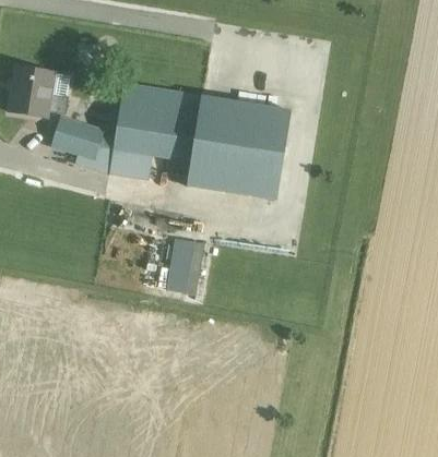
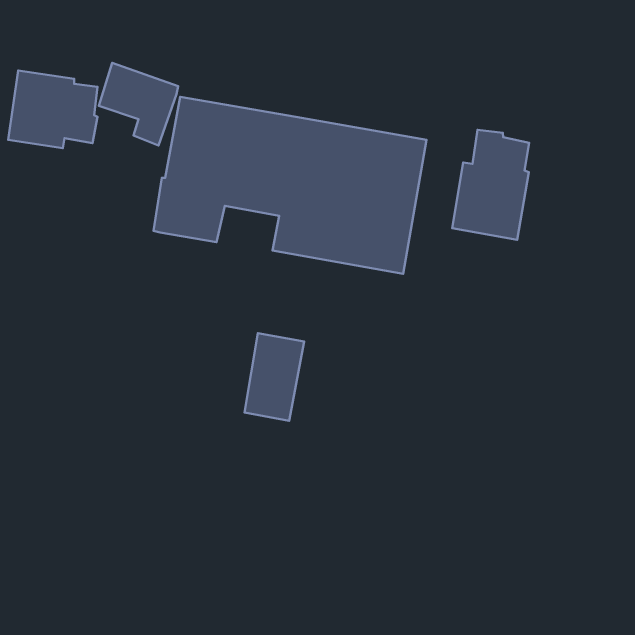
building: none -> [452,130,529,240]
building: [52,113,105,168] -> [99,63,178,146]

